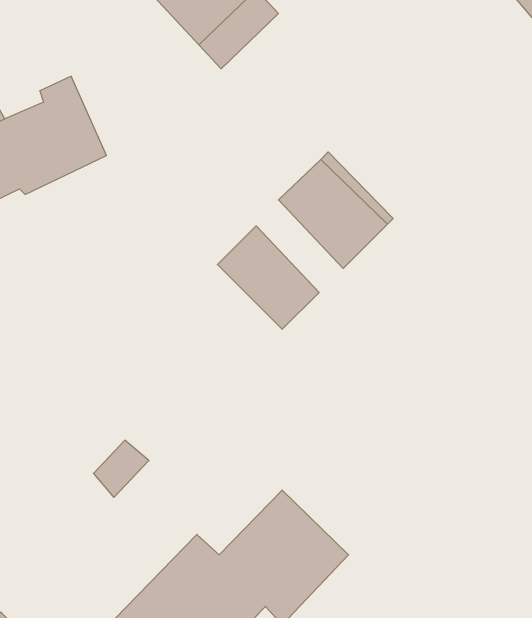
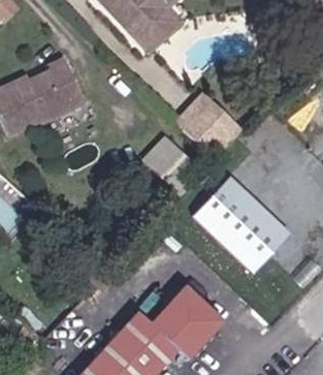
building: none -> [193,180,289,275]

